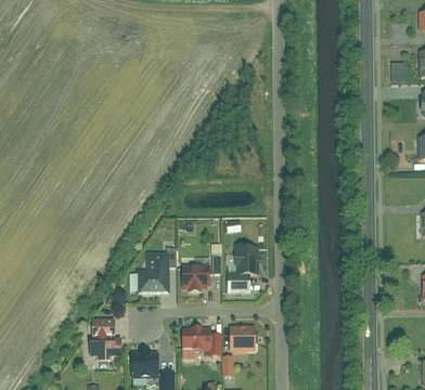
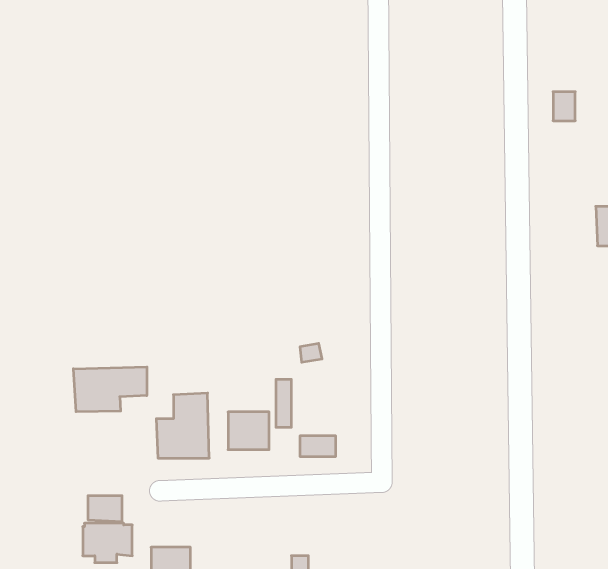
building: none -> [73,367,147,412]
building: [236,247,259,274] -> none
building: [230,326,255,352] -> none
building: [182,327,211,359] -> none

